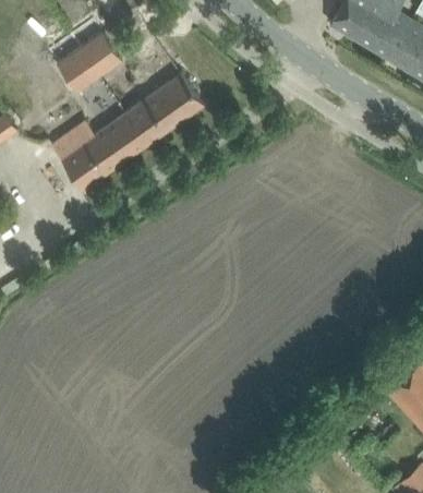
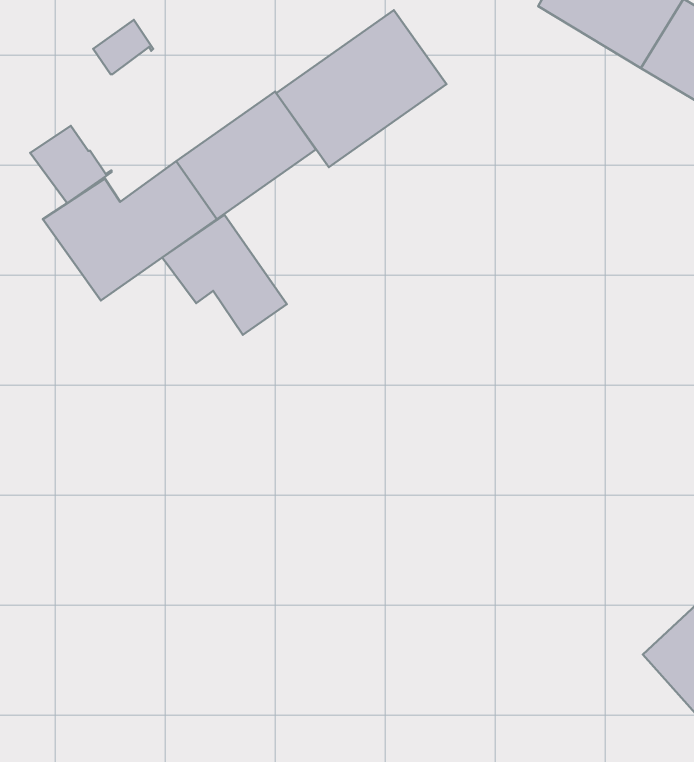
building: none -> [276,10,446,167]
building: [57,49,102,93] -> [30,126,112,203]
building: none -> [162,215,287,335]

